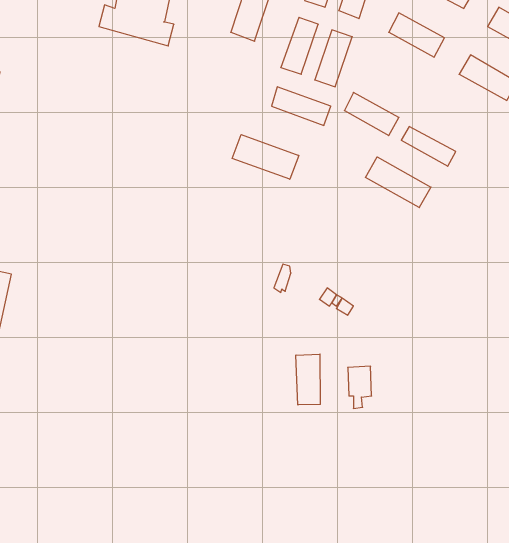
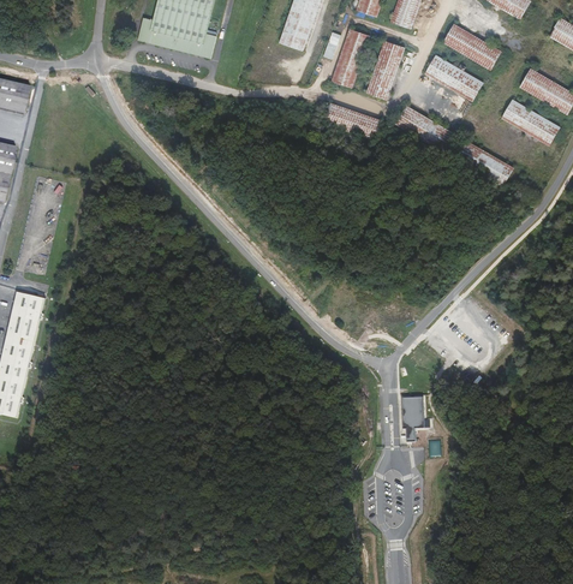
building: none -> [423,54,484,101]
building: none -> [501,99,559,143]
building: [232,135,299,179] -> none
building: [365,157,431,208] -> none
building: [296,354,320,405] -> none

